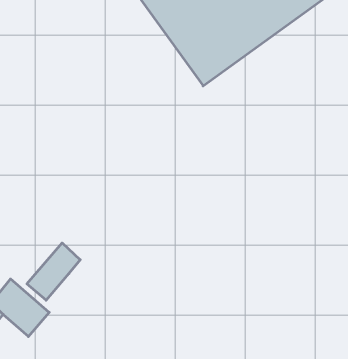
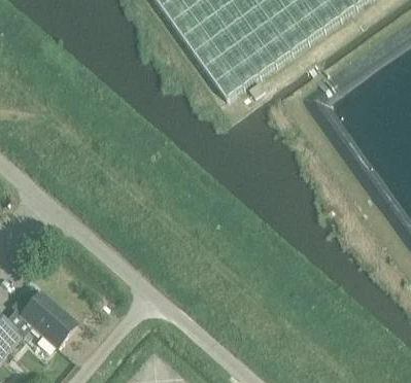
building: [27,243,80,300] -> none

